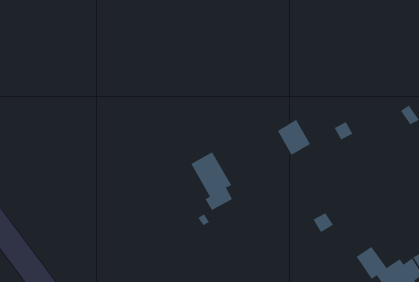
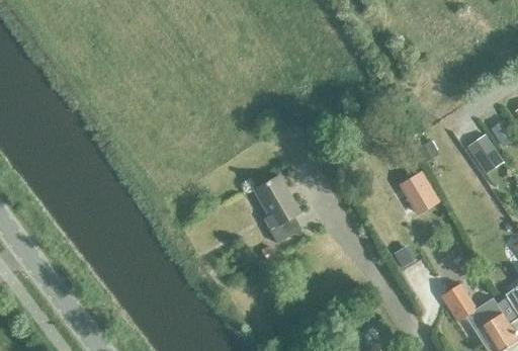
building: none -> [468,135,504,173]
building: [277,119,311,156] -> [400,173,438,214]

